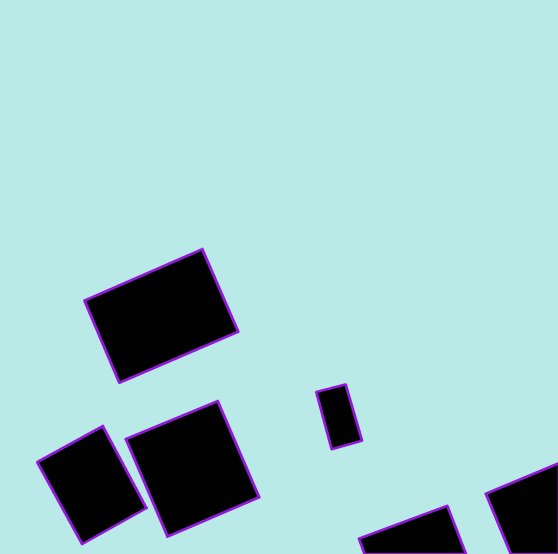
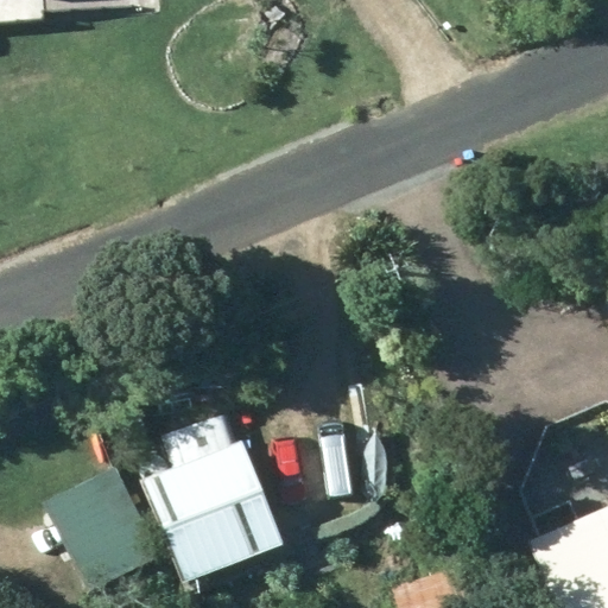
building: [85,249,238,383] -> none

